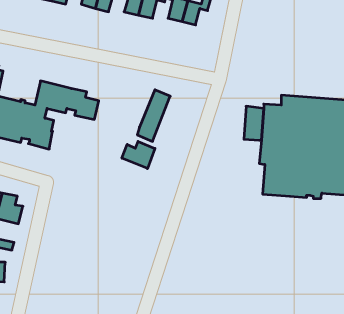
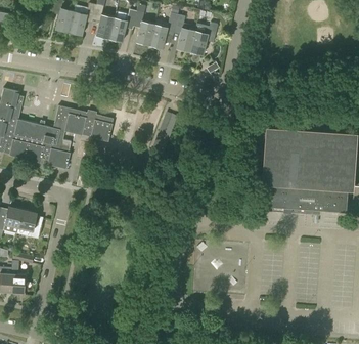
building: [122,141,155,169] -> none

